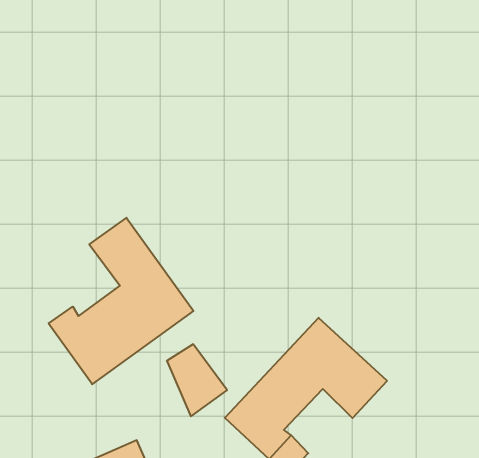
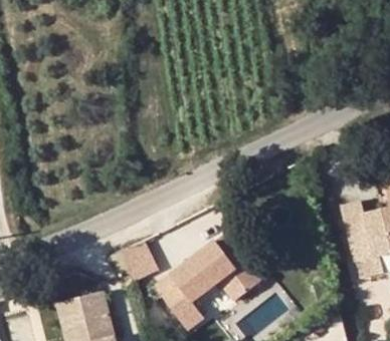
building: [49,218,193,384] -> none

